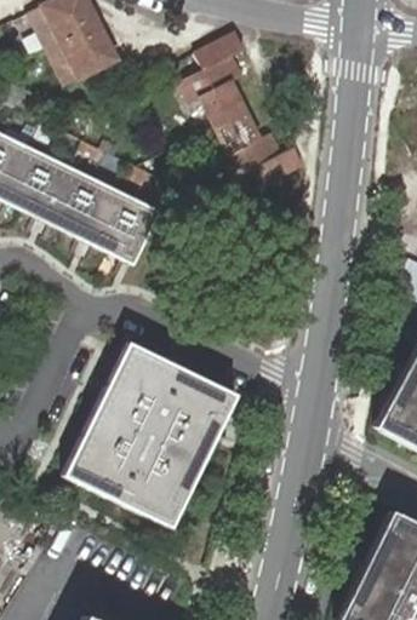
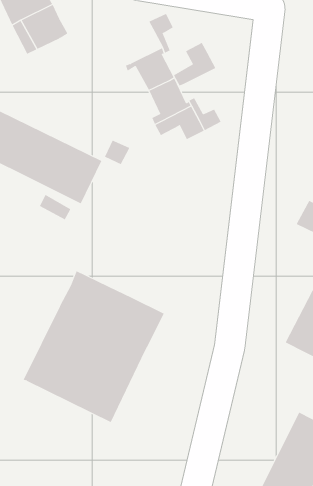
building: [179,42,232,96] -> [173,42,216,86]

